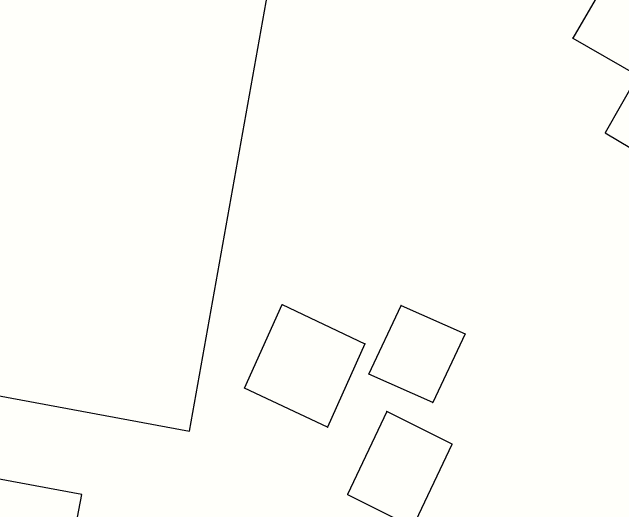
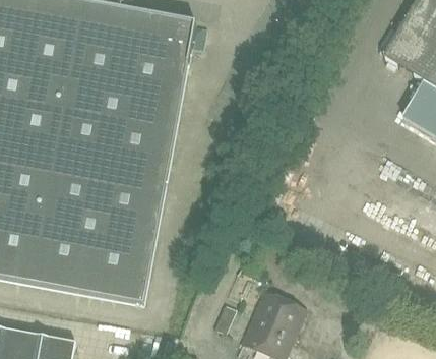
building: [245,305,365,427] -> none
building: [369,305,465,403] -> none

